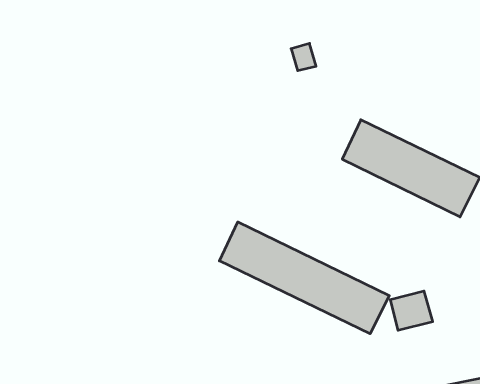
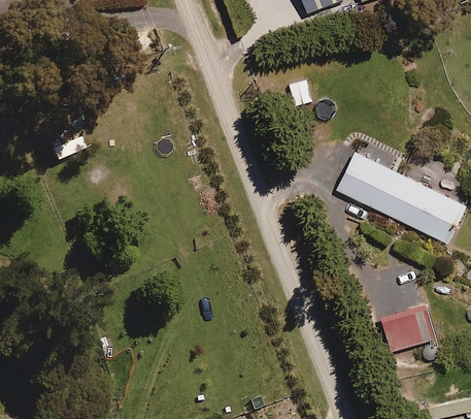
building: [219,222,389,334] -> none

